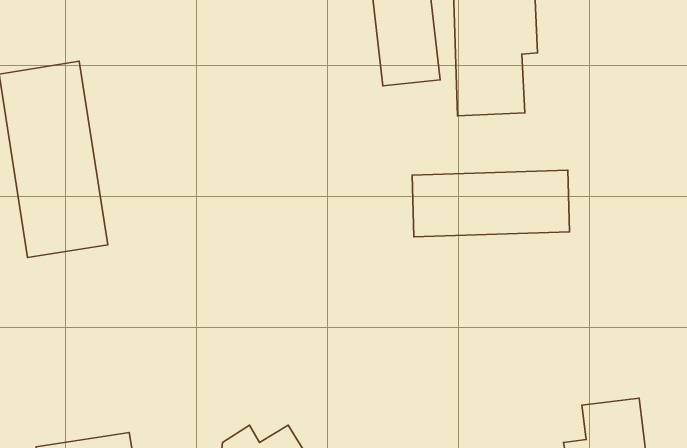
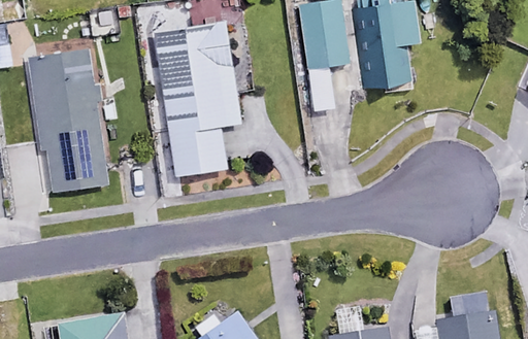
building: none -> [152,18,241,177]
building: [412,170,570,237] -> none

